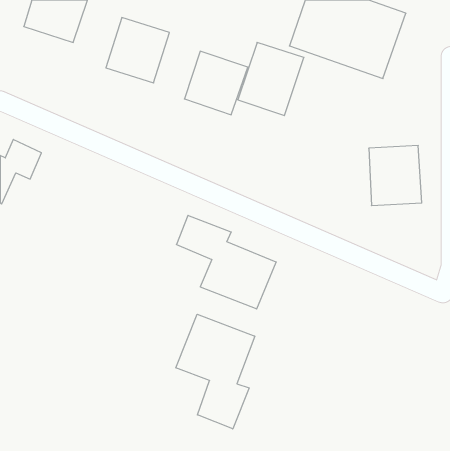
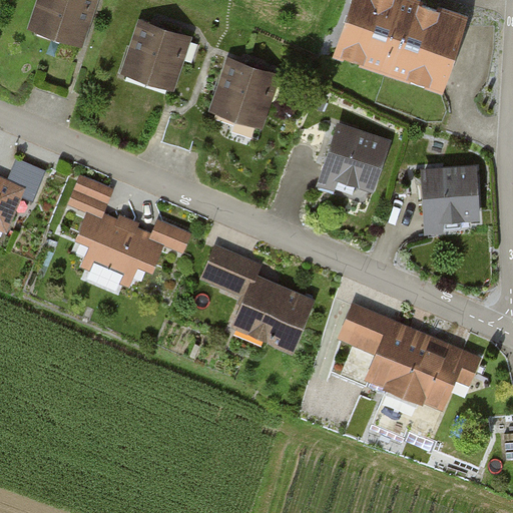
building: [238,42,304,116] -> [316,121,391,204]
building: none -> [68,175,193,294]
building: none -> [337,302,483,406]
building: [176,314,255,429] -> none

